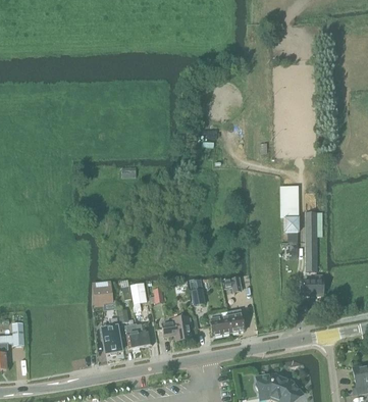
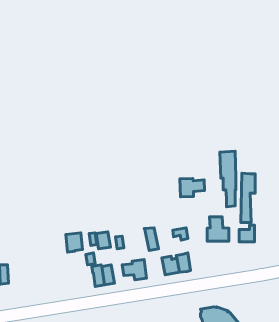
building: none -> [180,178,204,197]
building: none -> [207,217,229,241]
building: [101,316,120,354] -> none

